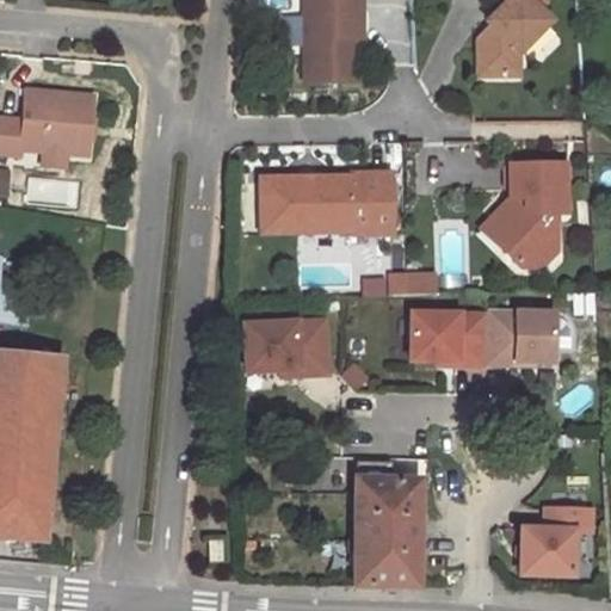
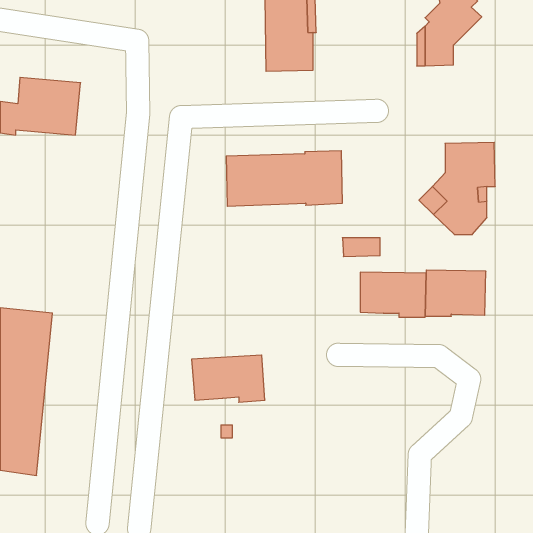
building: [245,319,328,372] -> [192,355,265,402]
building: [356,480,419,586] -> none
building: [524,506,595,573] -> none

